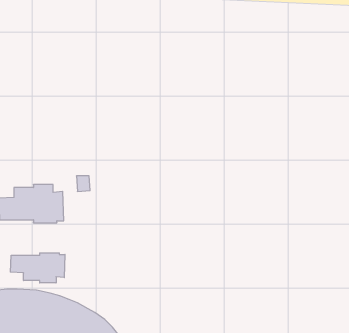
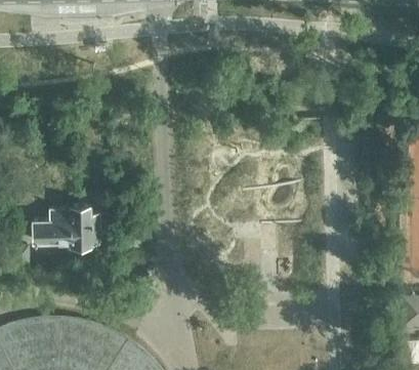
building: [10,253,65,283] -> none

